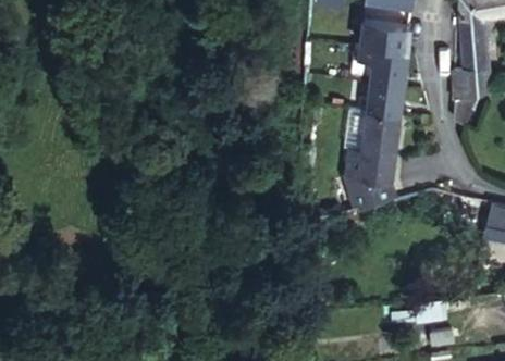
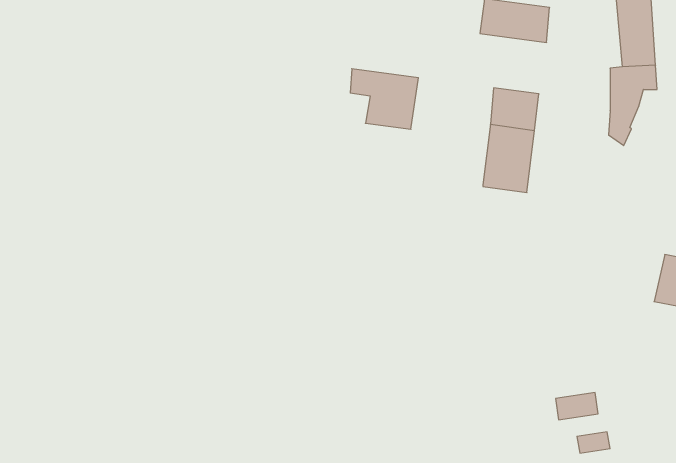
building: [360,45,409,88] -> [350,69,418,129]
building: [347,151,397,209] -> none

